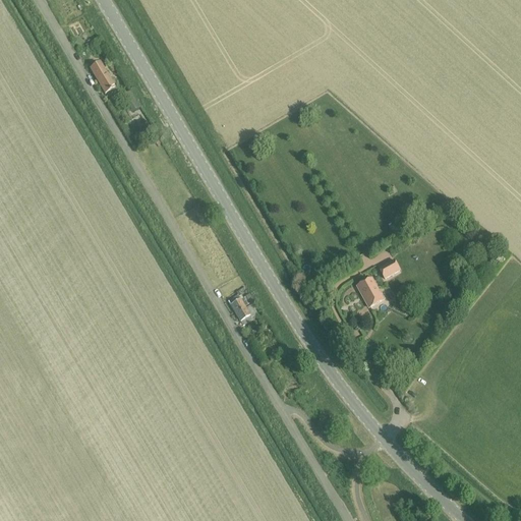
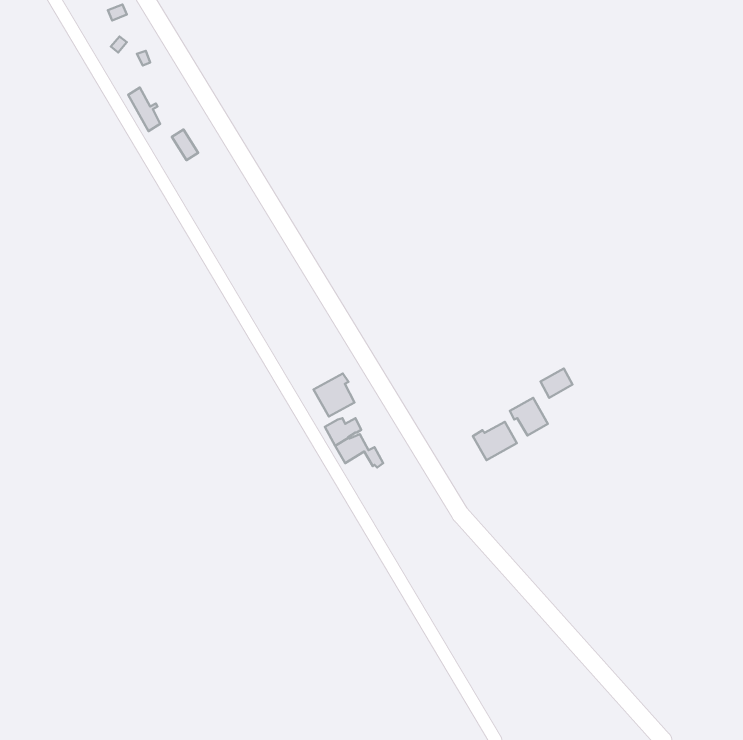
building: none -> [314,373,355,417]
building: none -> [473,422,517,460]

